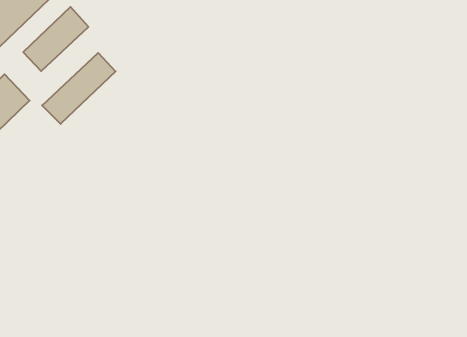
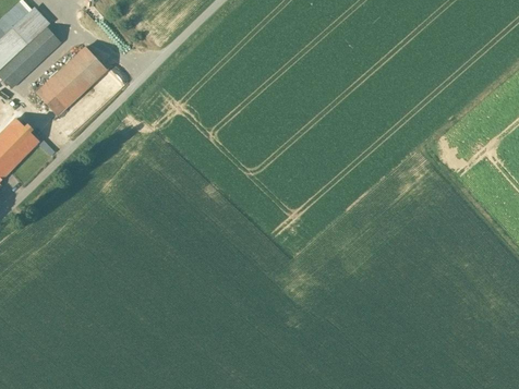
building: [42,53,116,124] -> none

